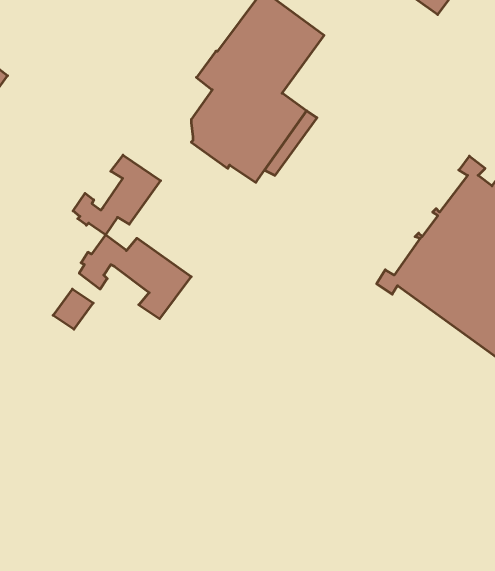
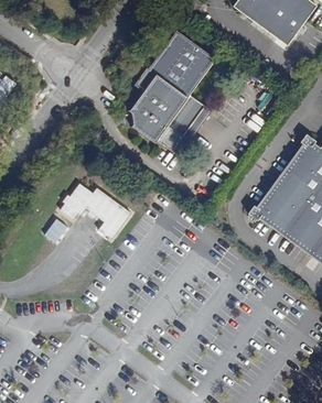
building: [73,155,161,235] -> none

